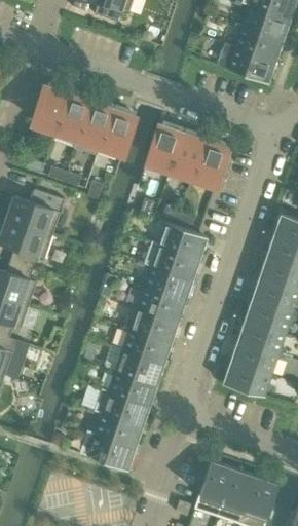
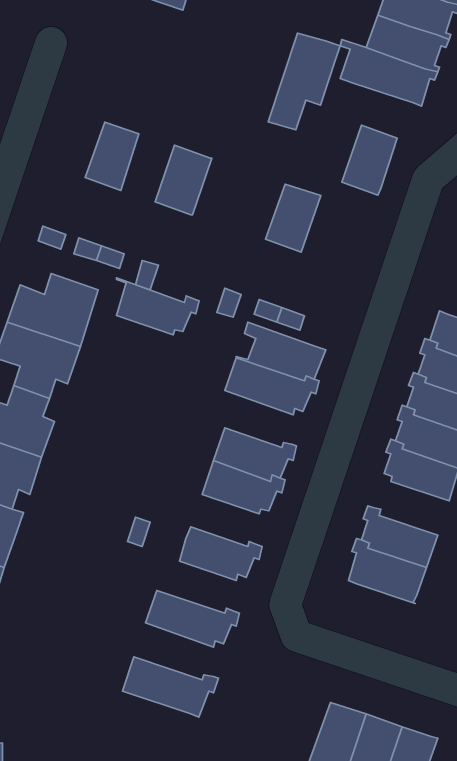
building: none -> [268,33,340,130]
building: [32,86,68,129] -> none
building: [78,102,112,145] -> none
building: [147,125,182,168] -> none
building: [192,141,227,185] -> [342,125,397,195]
building: [144,264,196,300] -> [116,278,199,335]
building: [237,315,286,355] -> none
building: [122,330,175,363] -> none
building: [101,372,160,405] -> none
building: [86,411,147,447] -> none

